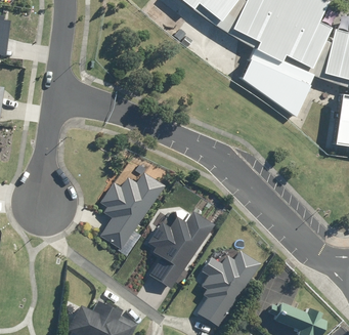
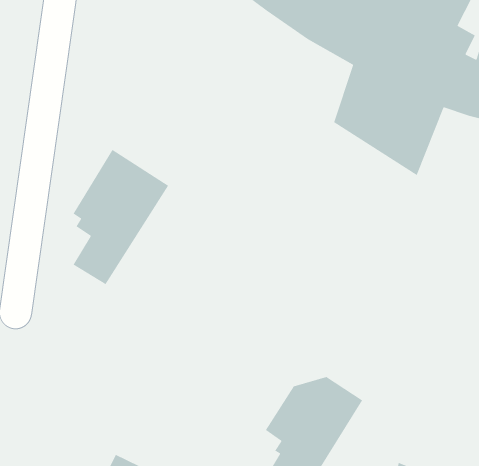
building: [99,162,162,250] -> [72,149,169,285]
building: [143,209,212,289] -> none

